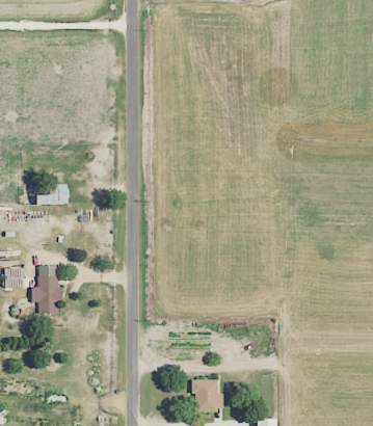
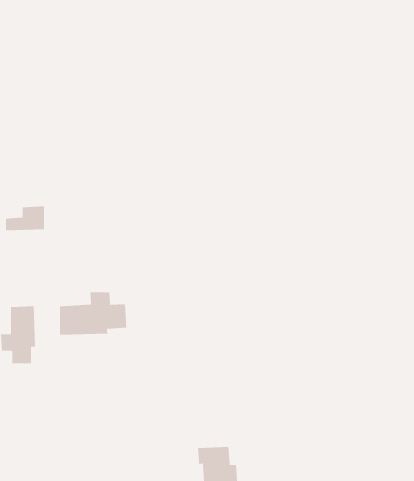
building: none -> [59,292,127,336]

